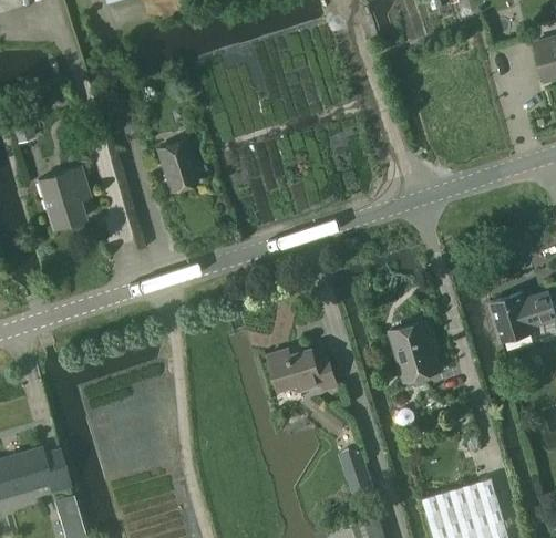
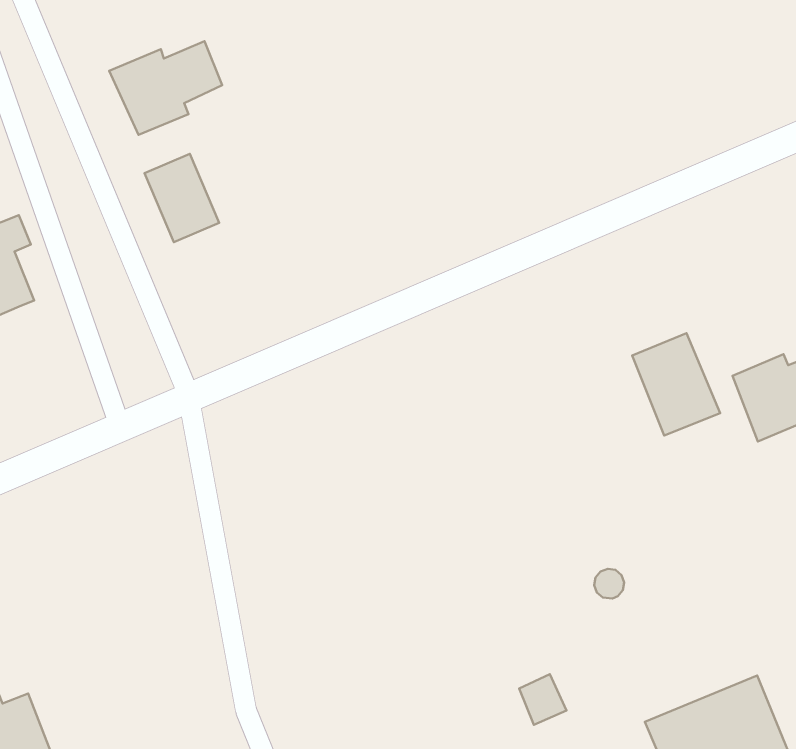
building: none -> [109,41,222,135]
building: [391,322,440,381] -> [632,333,720,435]
building: [268,349,338,392] -> none

